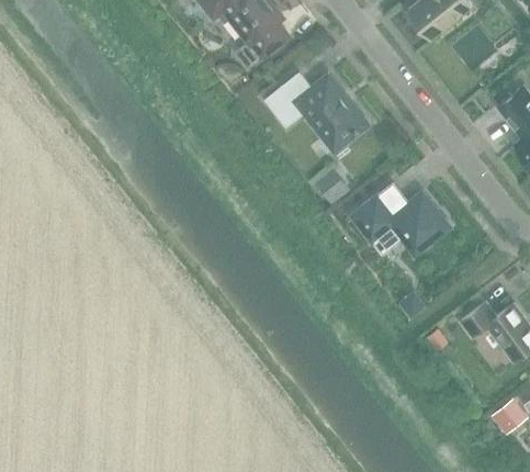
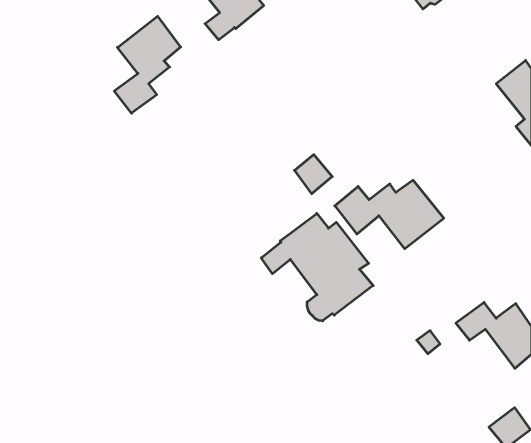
building: none -> [114,16,181,113]
building: [264,74,367,151] -> none
building: none -> [261,213,373,321]

